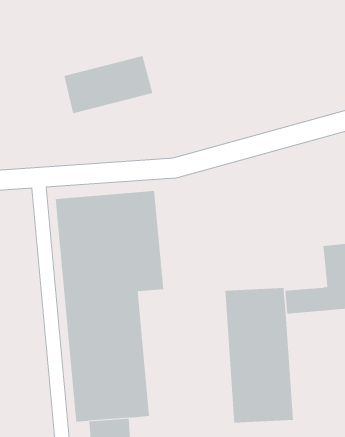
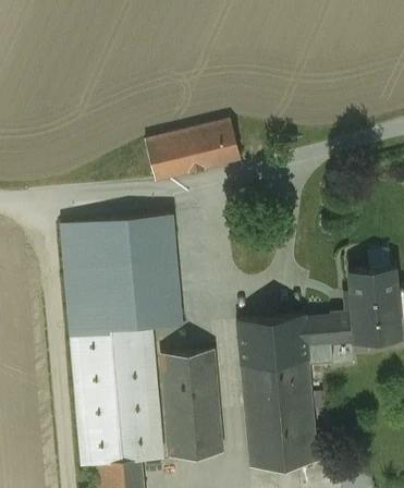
building: [63,55,153,114] -> [143,122,238,184]
building: none -> [166,351,225,455]

